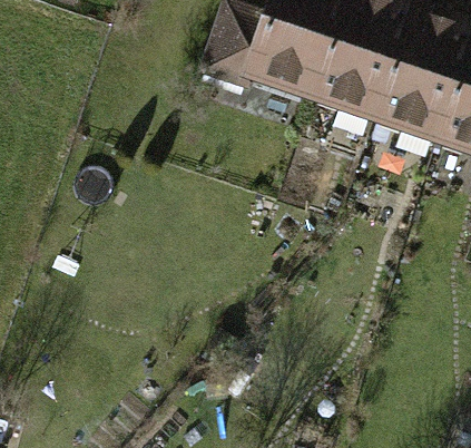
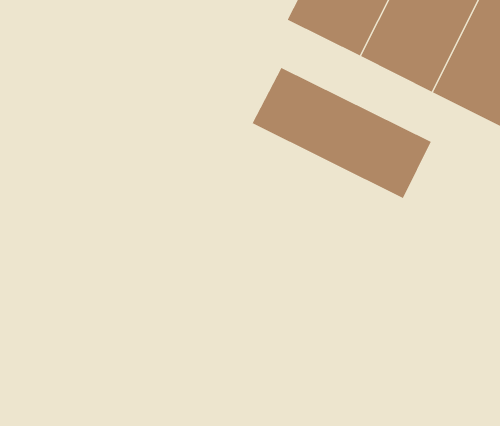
building: none -> [252,67,431,199]

